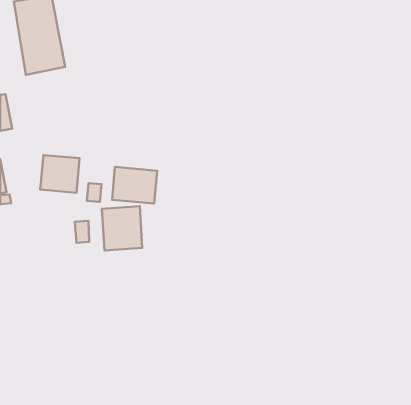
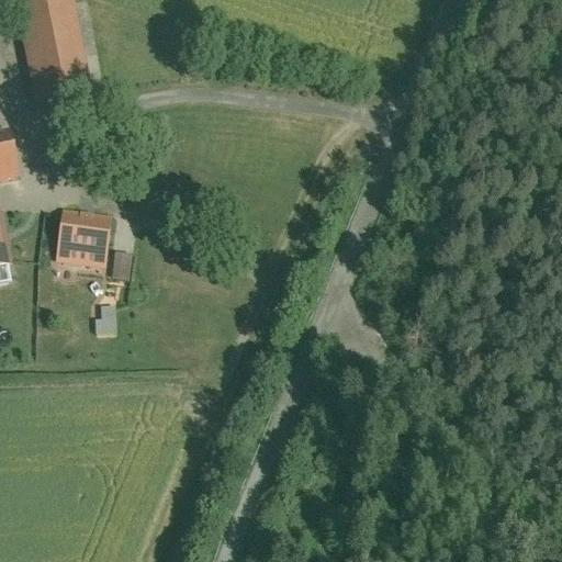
building: [112,167,157,204] -> none
building: [102,206,142,250] -> none

